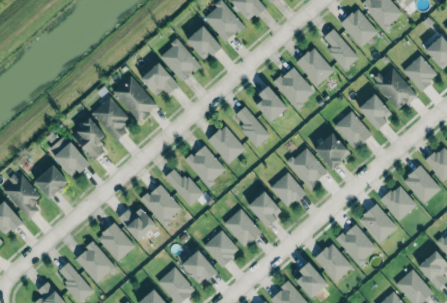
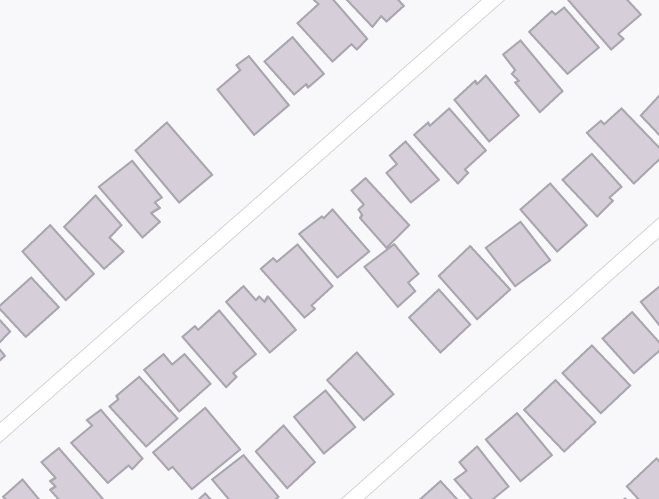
building: [141,63,179,96] -> none
building: [248,192,279,228] -> [365,244,419,307]
building: none -> [153,408,240,489]

